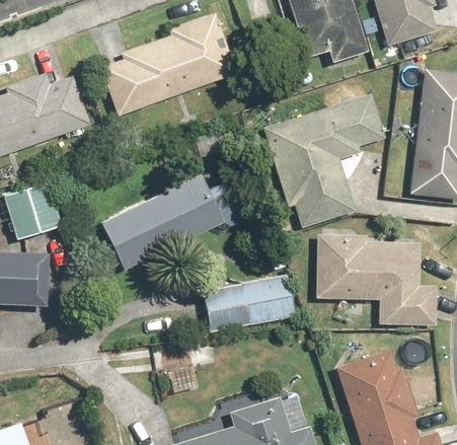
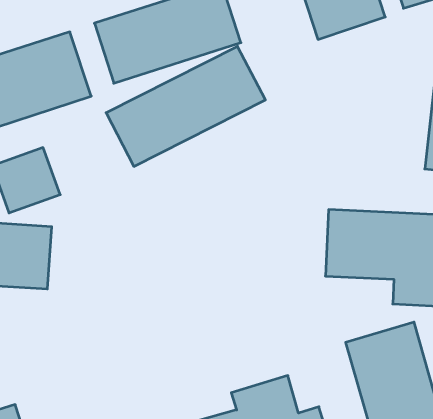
building: [260,93,385,232] -> none
building: [96,162,247,276] -> [106,46,265,166]
building: [198,272,298,333] -> none

